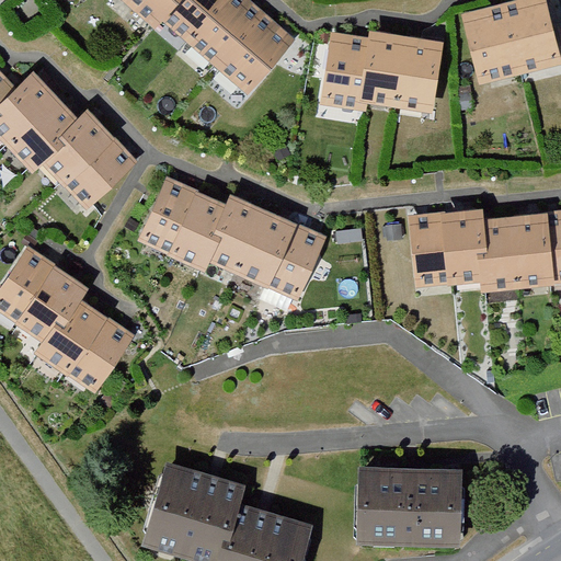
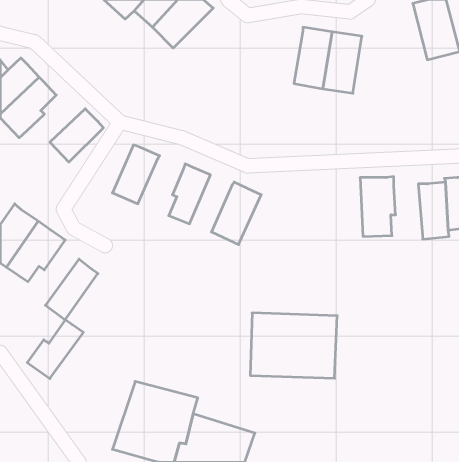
building: [465,4,522,82] -> none
building: [215,10,293,87] -> none
building: [321,31,371,107] -> none
building: [38,105,108,179] -> none
building: [171,192,227,266] -> none
building: [234,211,286,283] -> none
building: [410,215,444,288] -> none
building: [478,222,516,291] -> none
building: [33,298,101,369] -> [27,320,83,379]
building: [357,467,462,546] -> [250,313,337,378]

